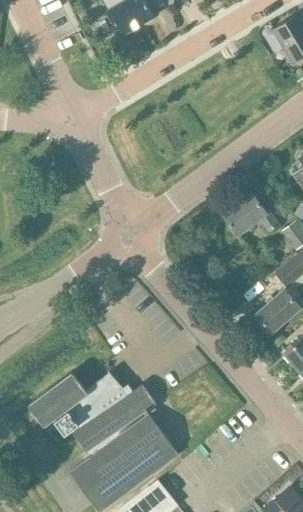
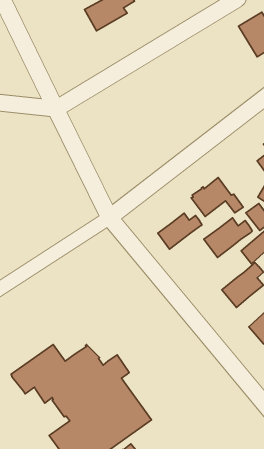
building: none -> [158,213,202,249]
building: none -> [204,218,252,258]

